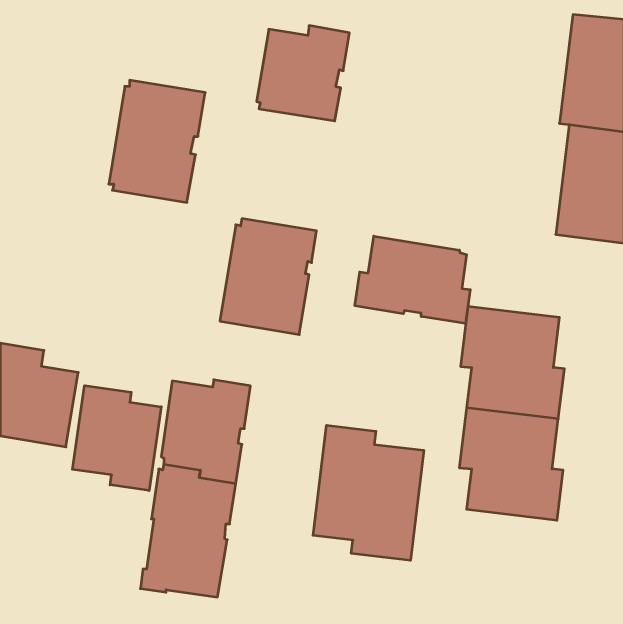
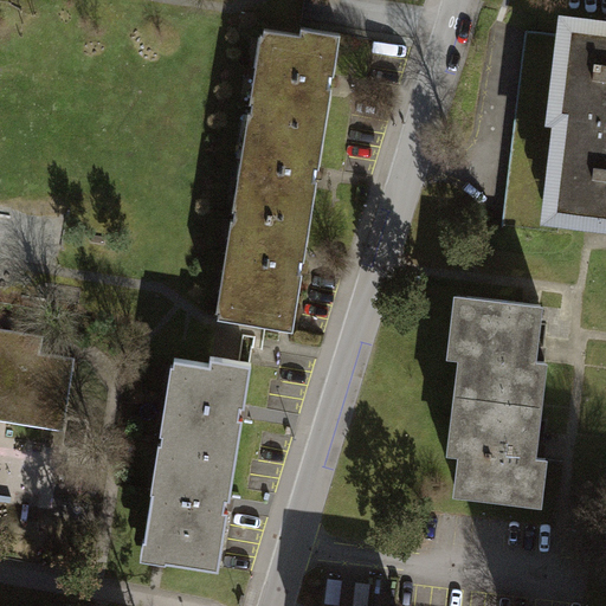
building: [109,80,205,202] -> [232,105,325,224]
building: [355,236,470,324] -> none
building: [72,386,161,491] -> none
building: [313,425,424,560] -> none

